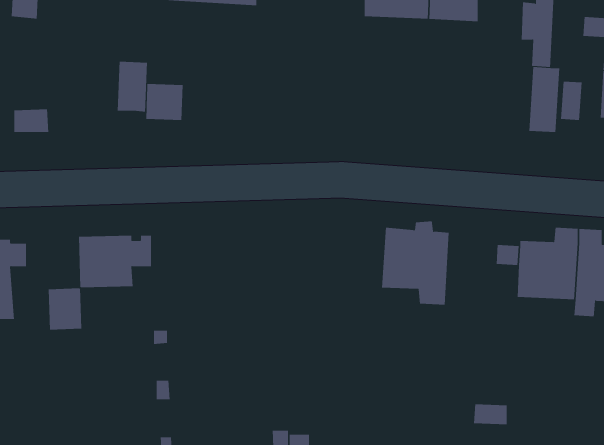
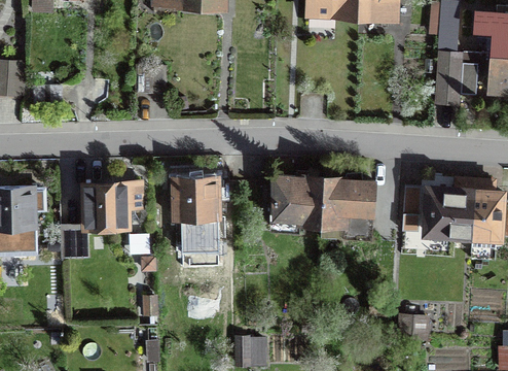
building: [117,61,147,112] -> none
building: none -> [274,175,324,232]
building: none -> [175,177,219,251]

